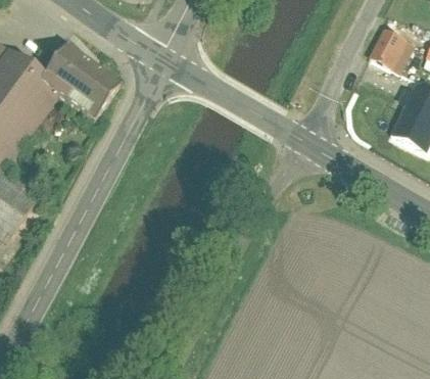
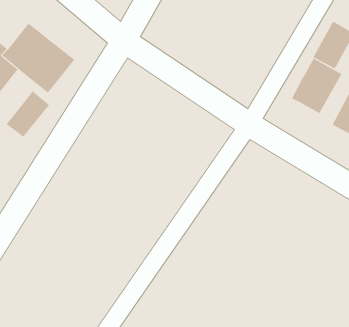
building: none -> [291,58,342,114]
building: none -> [6,90,50,138]

